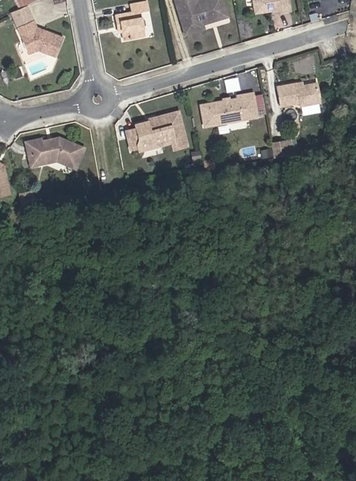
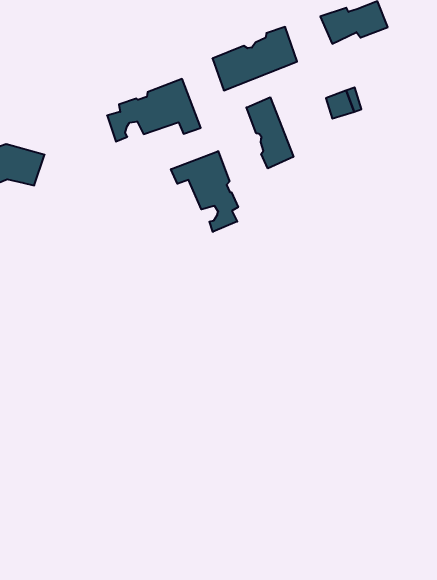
building: none -> [246,97,293,168]
building: none -> [171,151,238,232]

